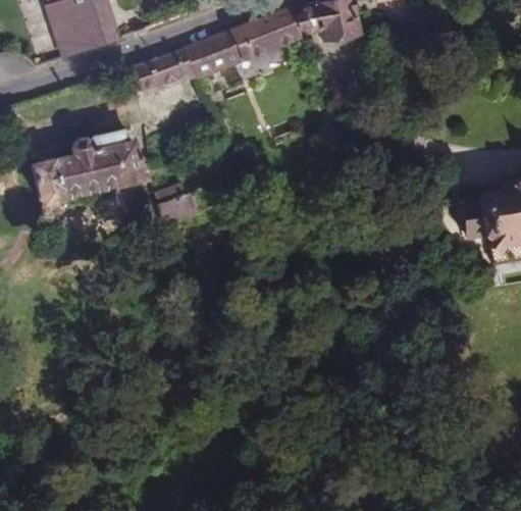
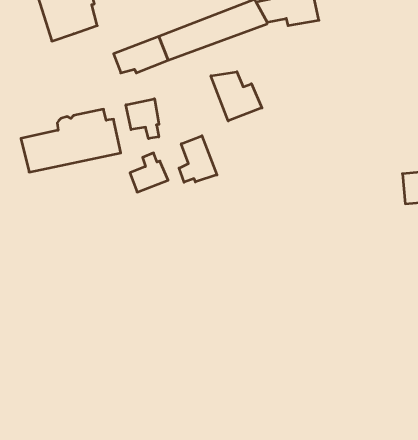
building: none -> [211,72,262,121]
building: none -> [126,99,159,139]
building: none -> [179,136,217,182]

